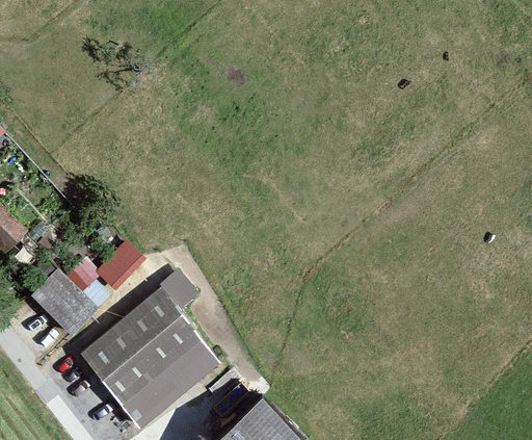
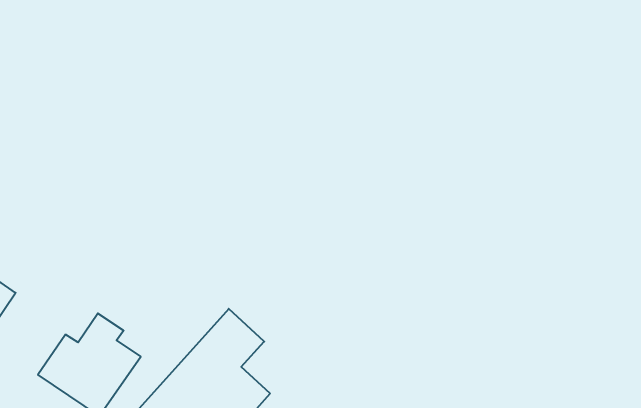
building: [100,248,142,291] -> none

